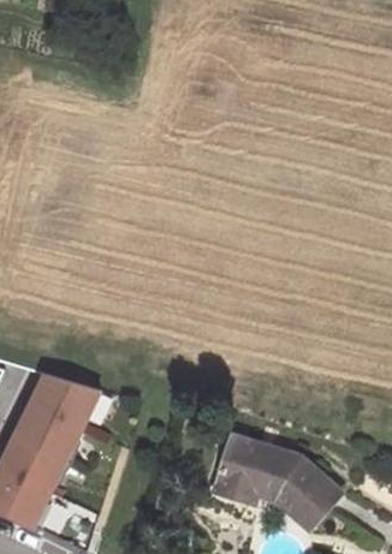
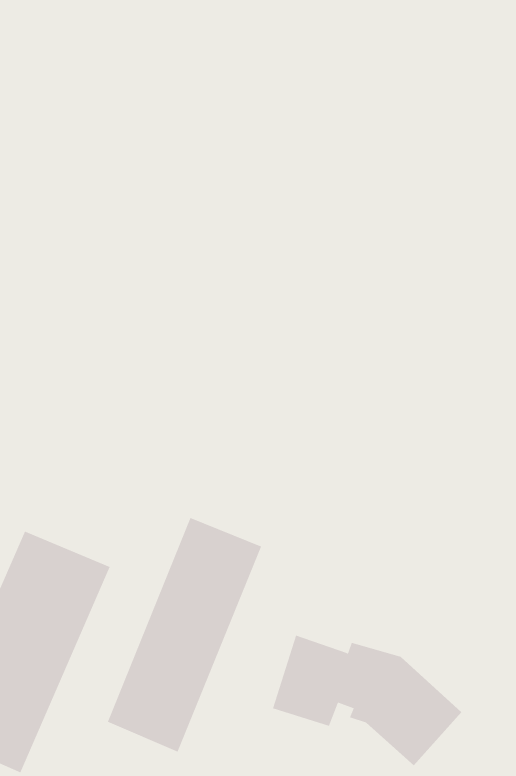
building: none -> [107,517,262,753]

